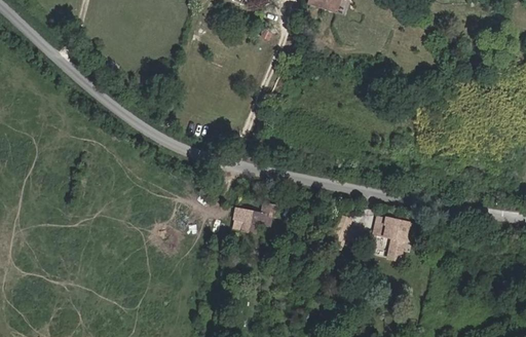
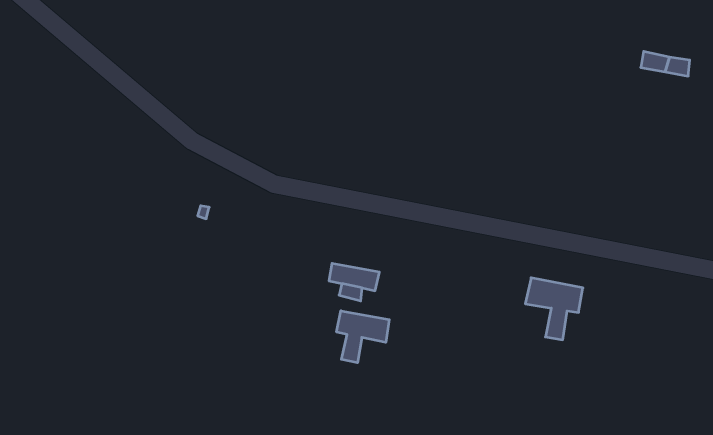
building: none -> [337,311,389,363]

